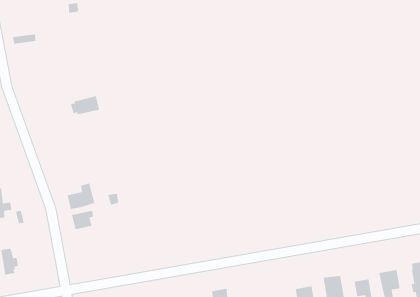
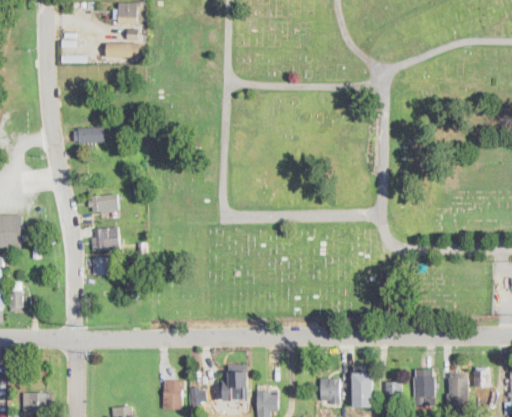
building: none -> [105,43,144,57]
building: [70,96,100,115] -> [73,126,104,143]
building: none -> [87,193,119,215]

